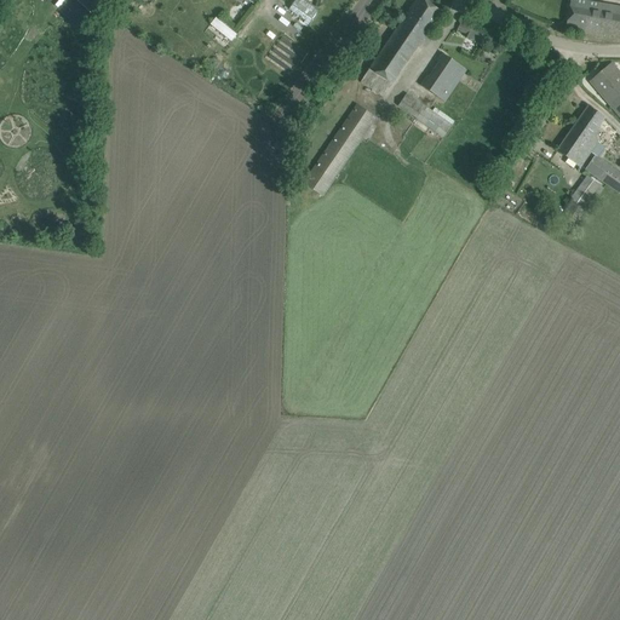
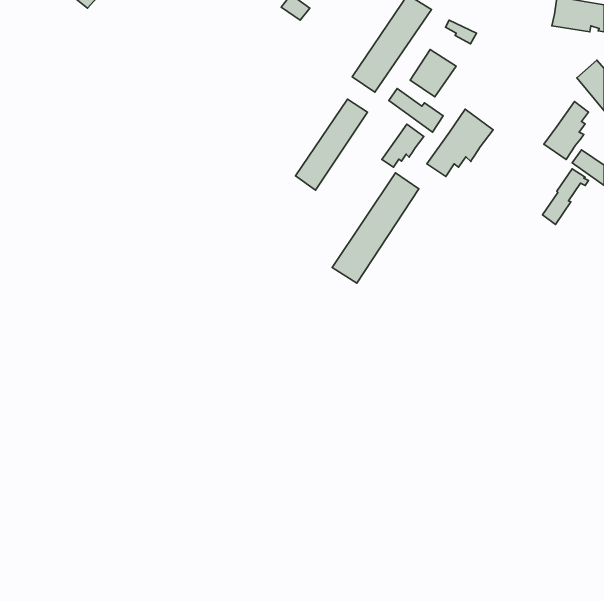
building: none -> [427,109,493,176]
building: none -> [382,124,424,167]
building: none -> [332,173,419,283]

